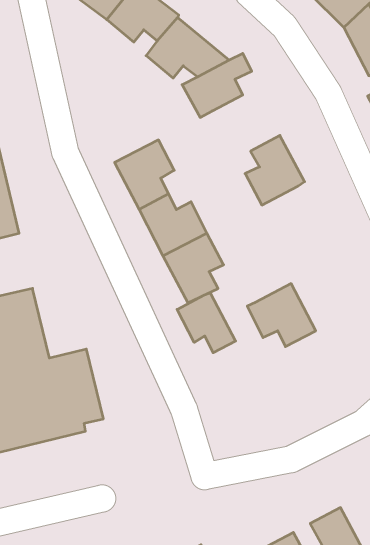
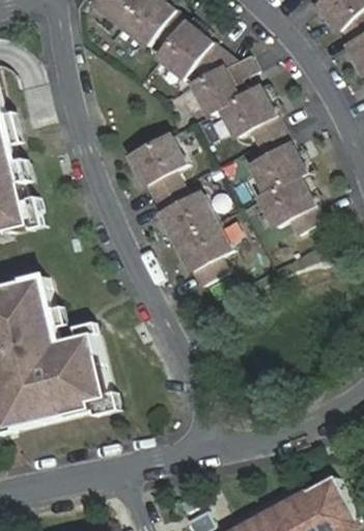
building: none -> [218,87,280,145]
building: [247,284,316,347] -> [256,177,319,235]
building: [177,293,236,353] -> none

